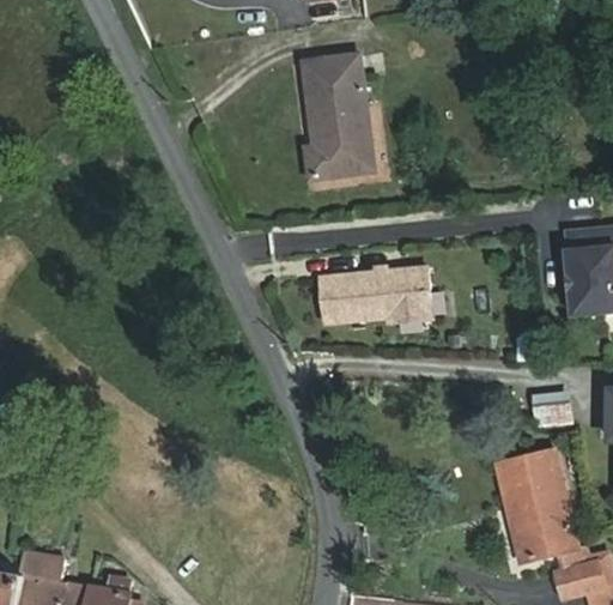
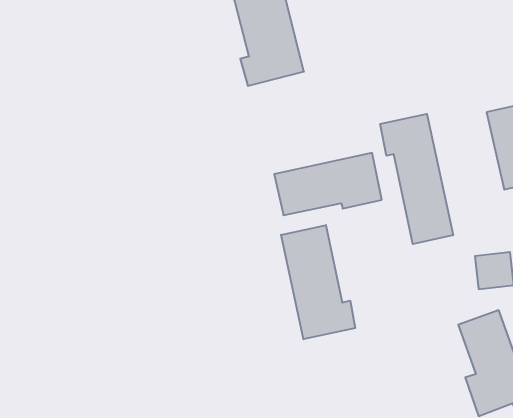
building: none -> [380,114,453,244]
building: none -> [281,225,355,339]

